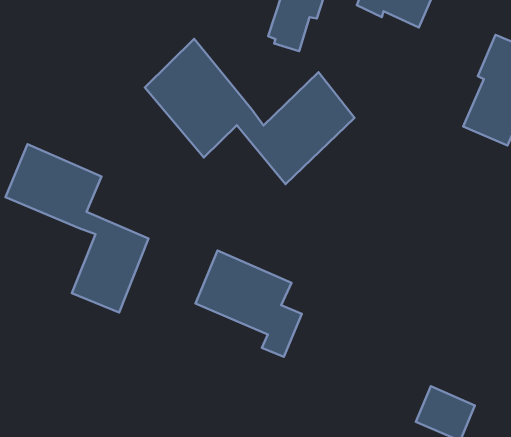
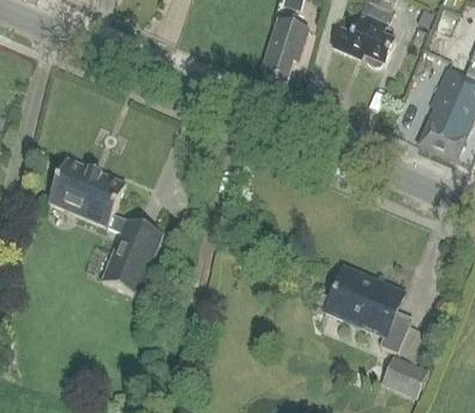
building: [145,39,355,184] -> none
building: [195,250,302,357] -> [326,267,413,353]

